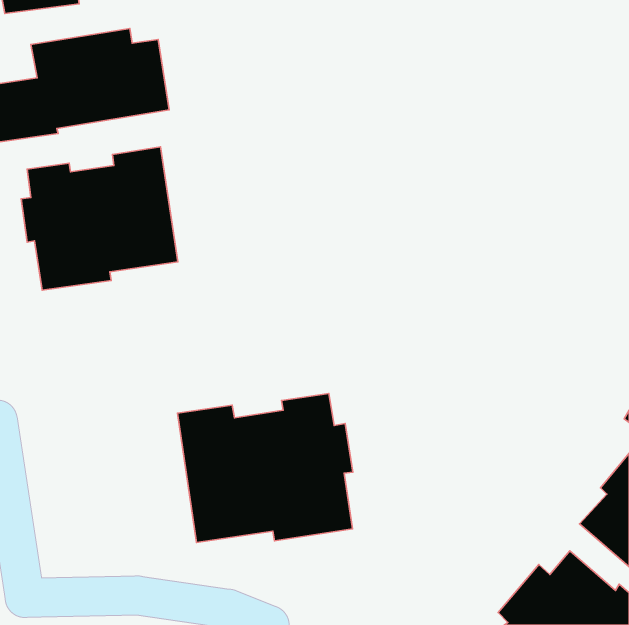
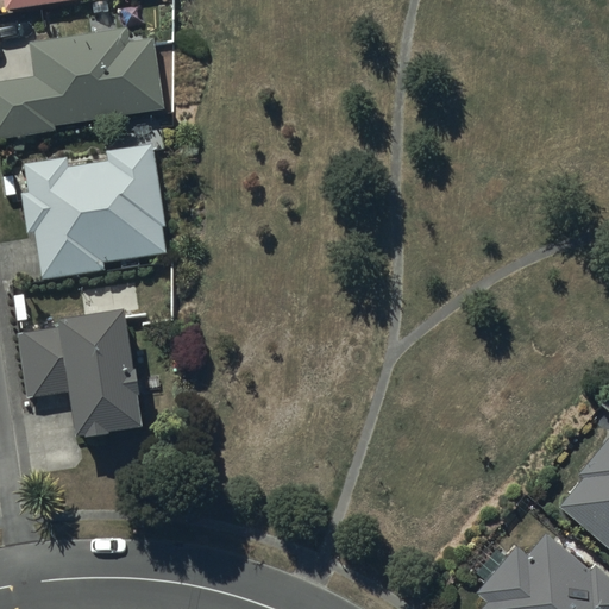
building: none -> [17,314,144,441]
building: [178,394,353,543] -> none

